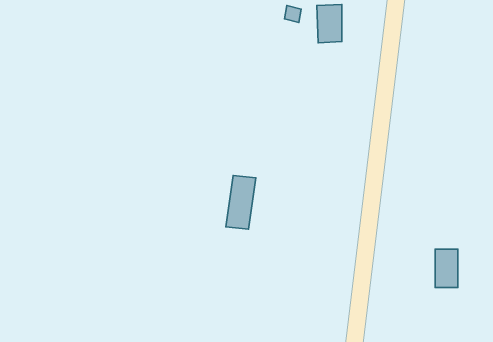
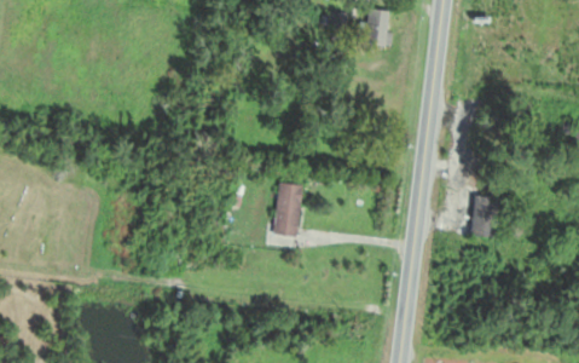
building: [435,249,458,288] -> [473,198,496,237]

